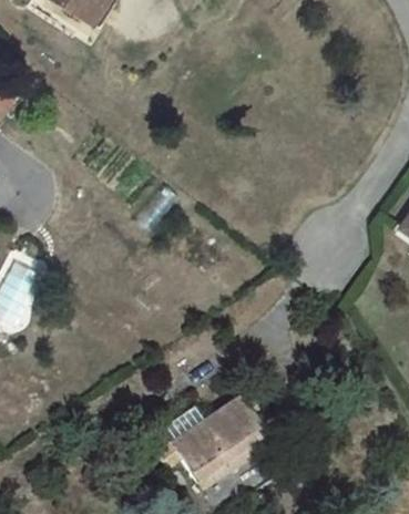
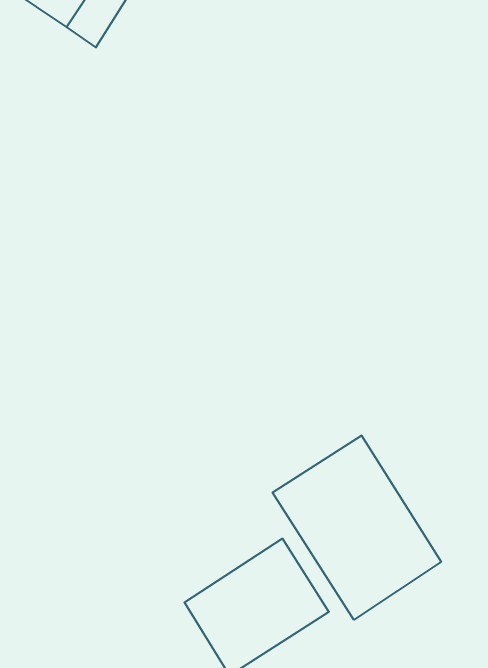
building: none -> [273,435,441,620]

